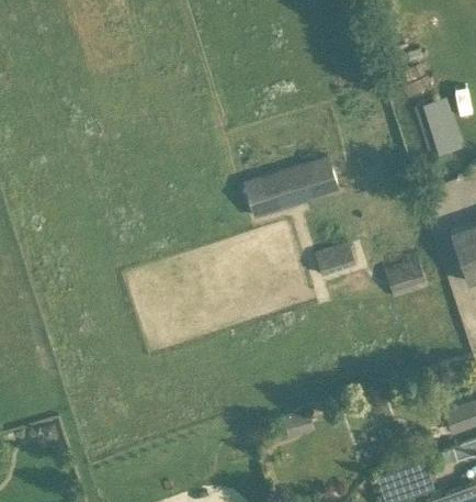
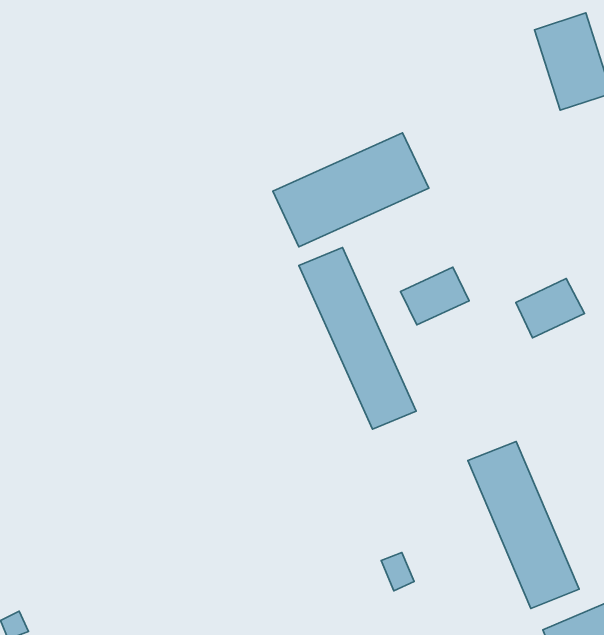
building: none -> [299,248,416,429]
building: none -> [468,442,579,608]

